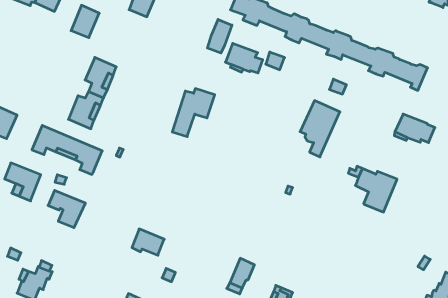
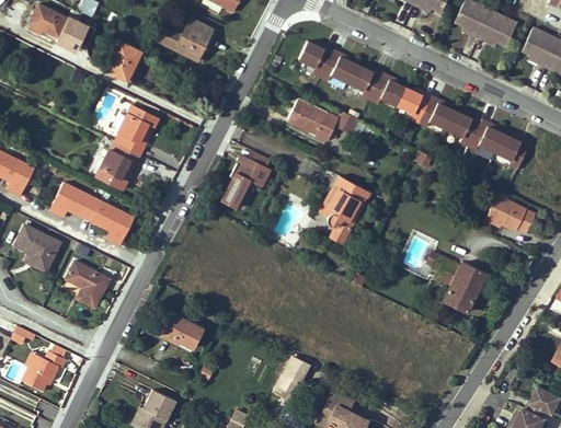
building: [207,19,232,53] -> none
building: [300,101,340,157] -> [320,176,369,244]

